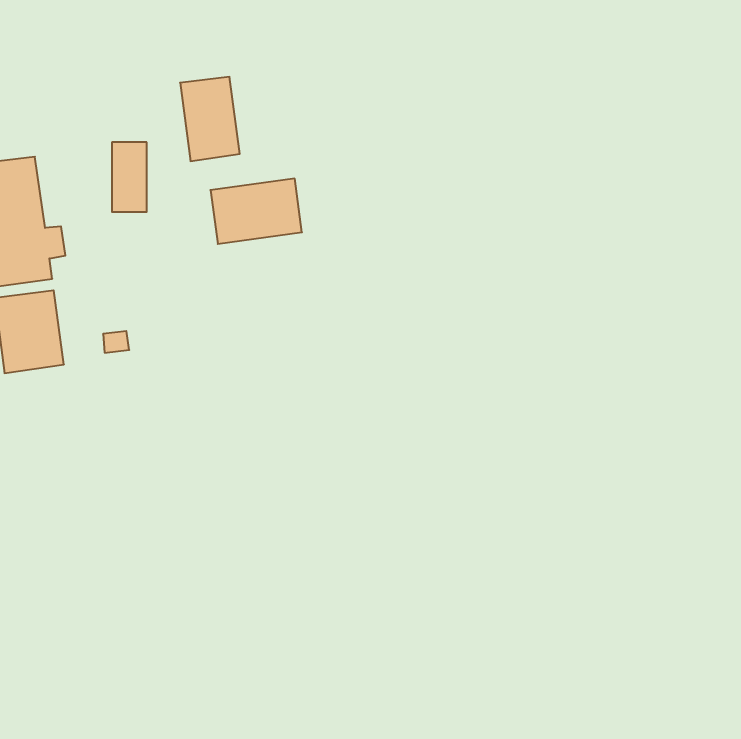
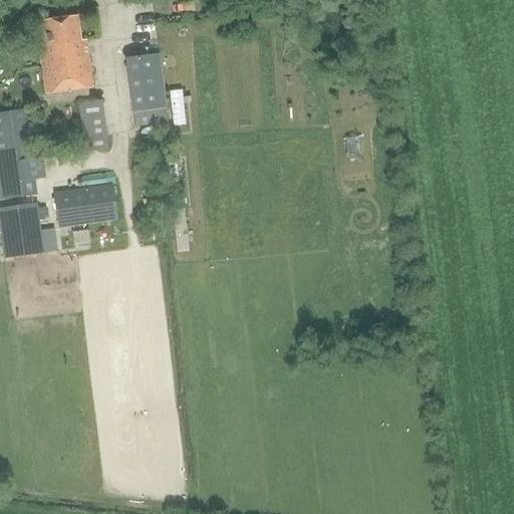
building: none -> [40,16,91,92]
building: [210,179,302,244] -> [53,183,116,228]

